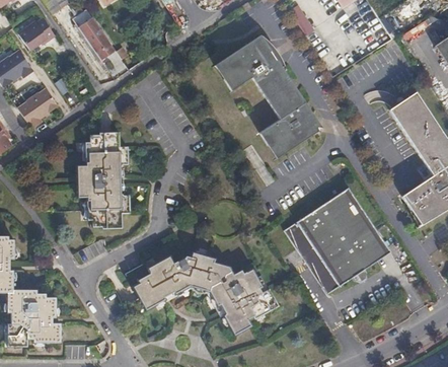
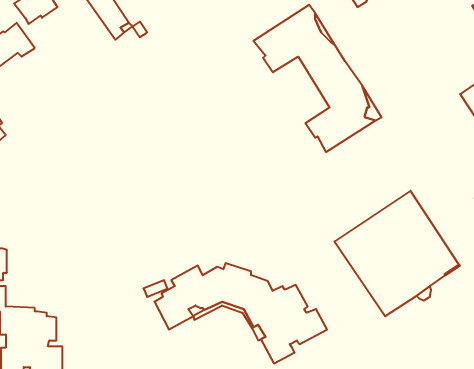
building: [16,87,58,129] -> none
building: [79,131,132,226] -> none

